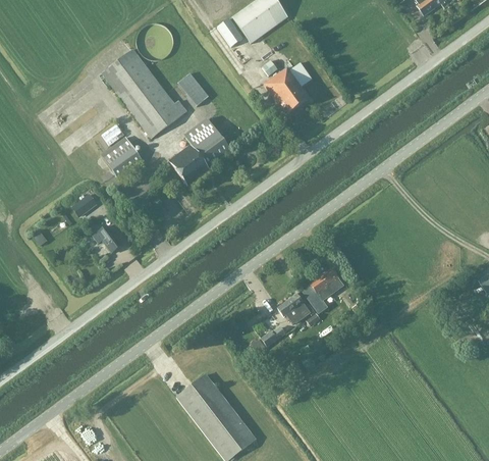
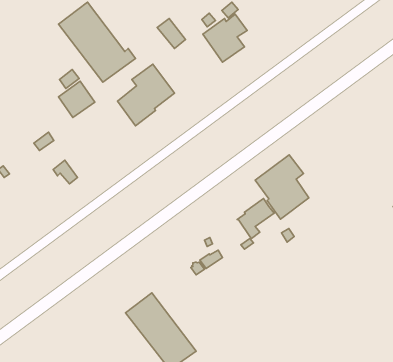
building: [177,72,209,106] -> [157,19,185,49]
building: none -> [255,155,309,219]
building: [277,293,310,322] -> none

